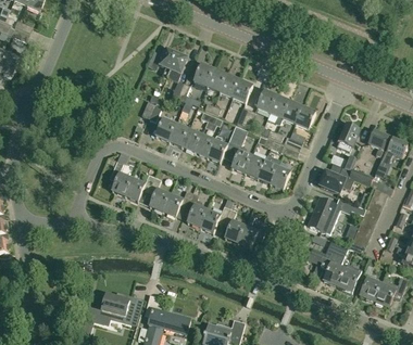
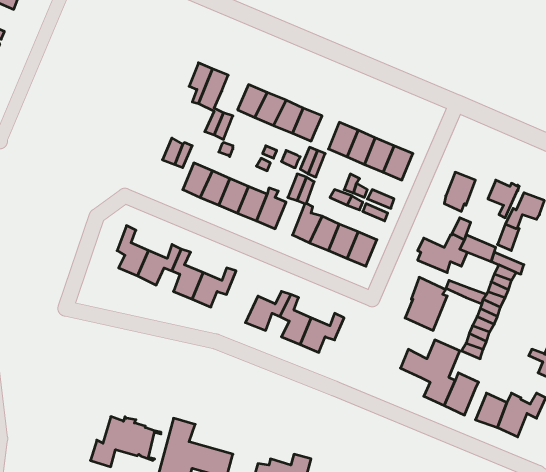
building: [186,192,208,228] -> none

